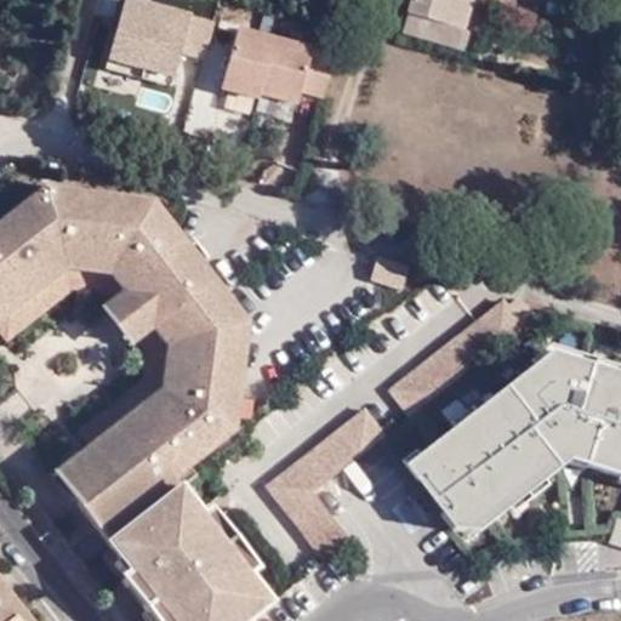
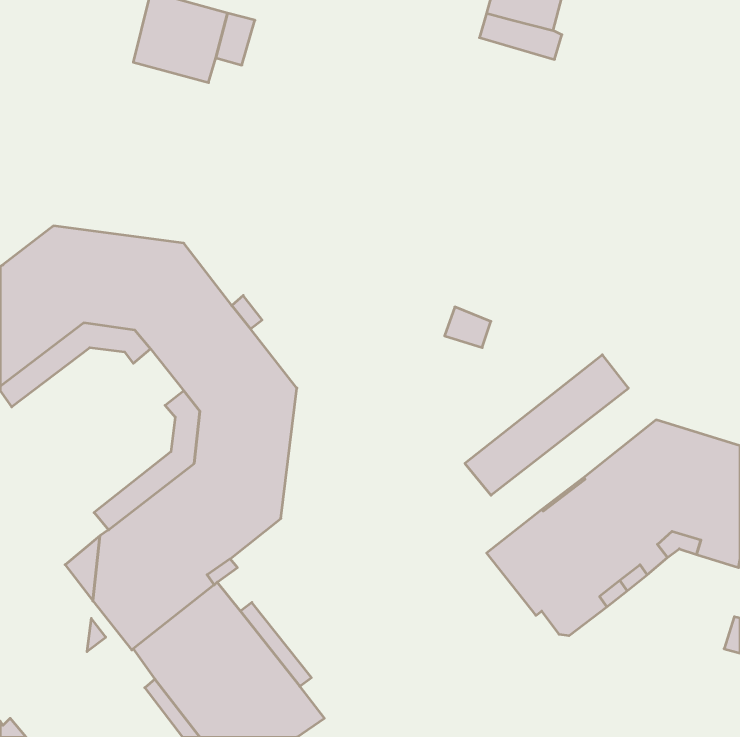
building: [221,21,314,102] -> none
building: [103,292,154,346] -> none
building: [266,405,387,559] -> none

